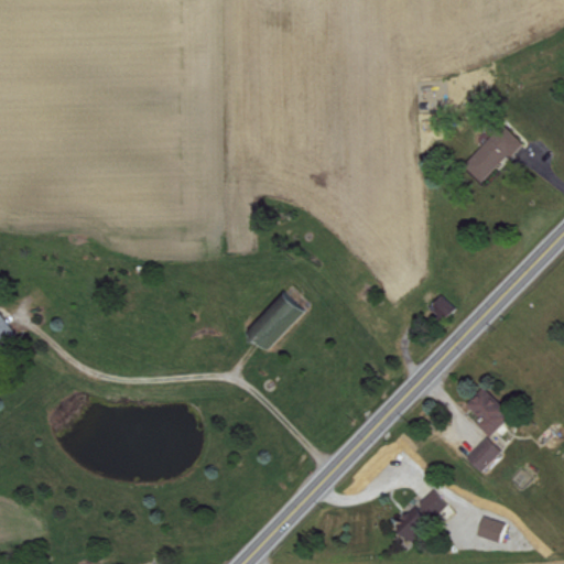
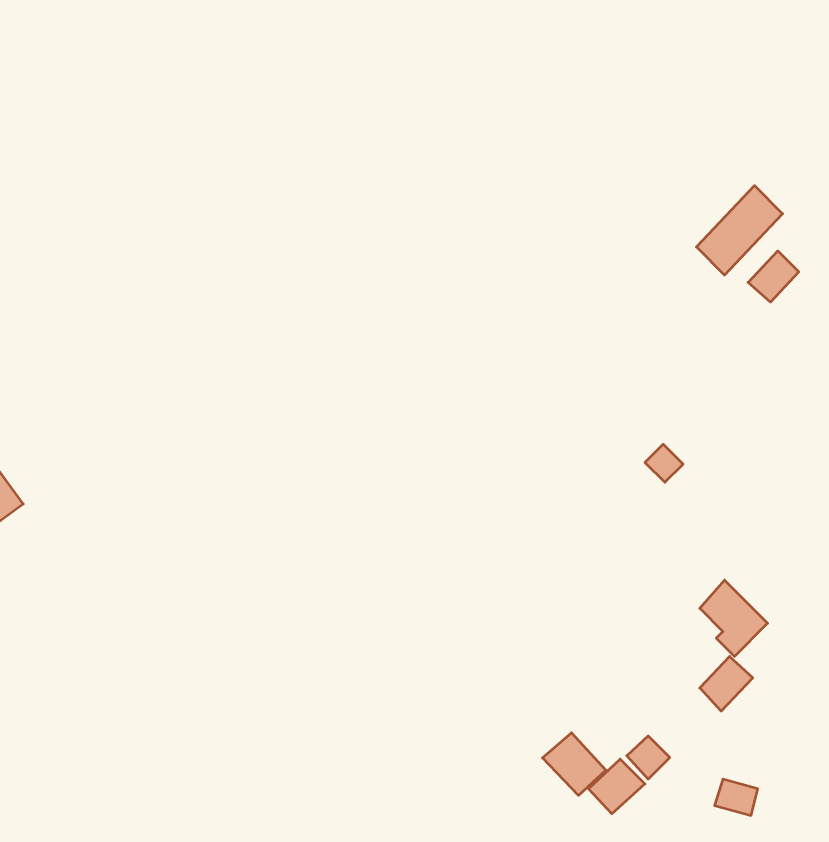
building: none -> [748,251,799,302]
building: [246,290,304,349] -> none
building: none -> [542,733,606,795]

